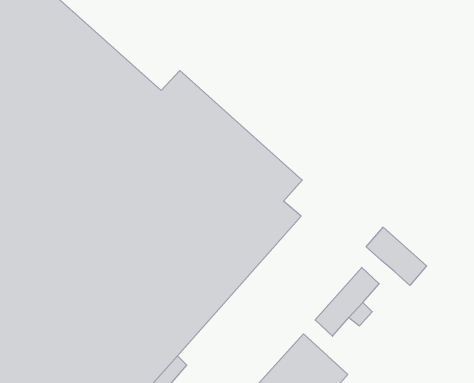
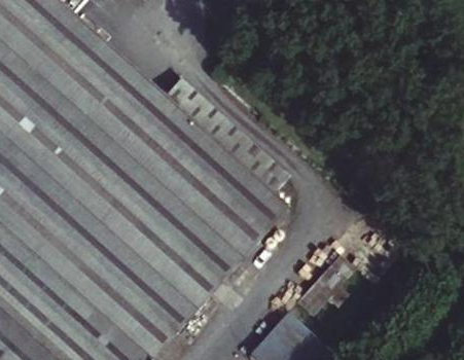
building: [366,227,427,285] -> none

